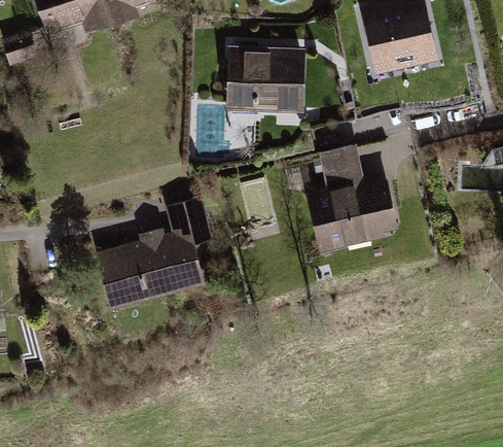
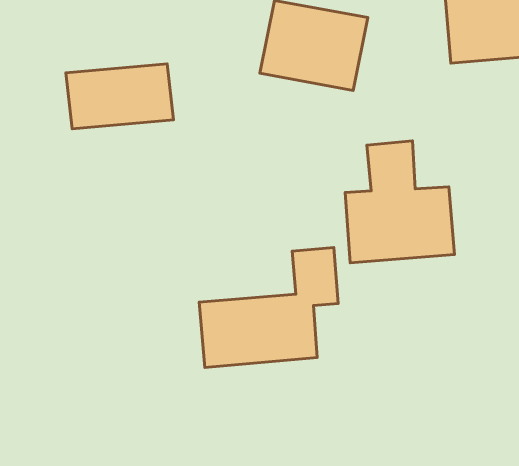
building: none -> [66,64,173,129]
building: [100,198,211,307] -> [199,247,338,367]

